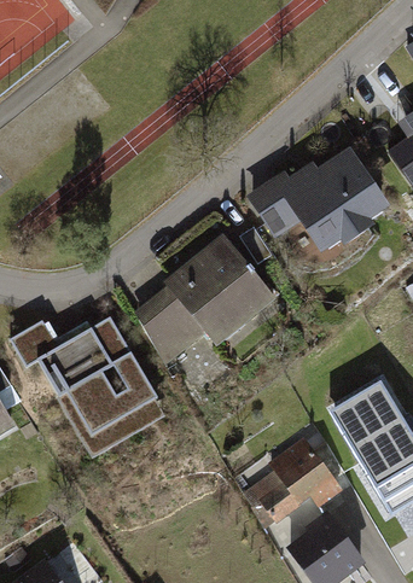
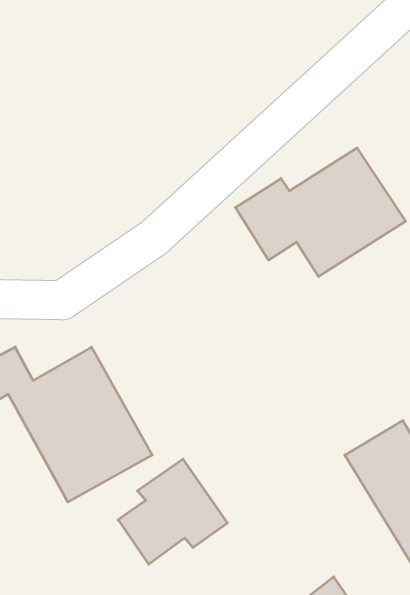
building: [136,233,278,360] -> none
building: [252,431,348,523] -> [118,459,227,564]

